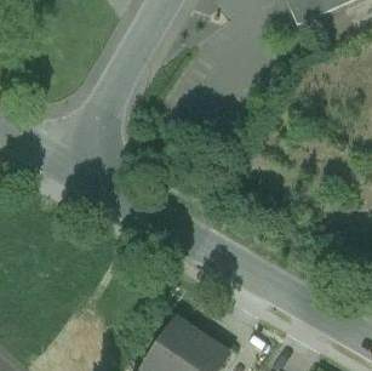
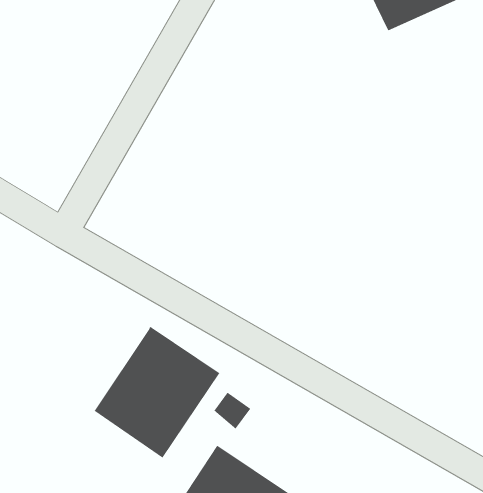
building: none -> [94,326,220,459]

